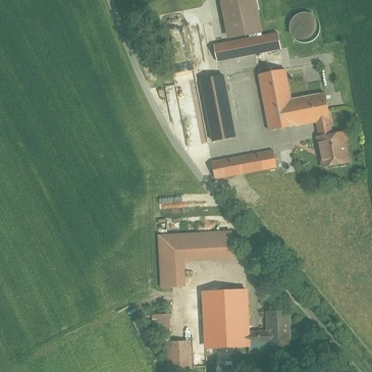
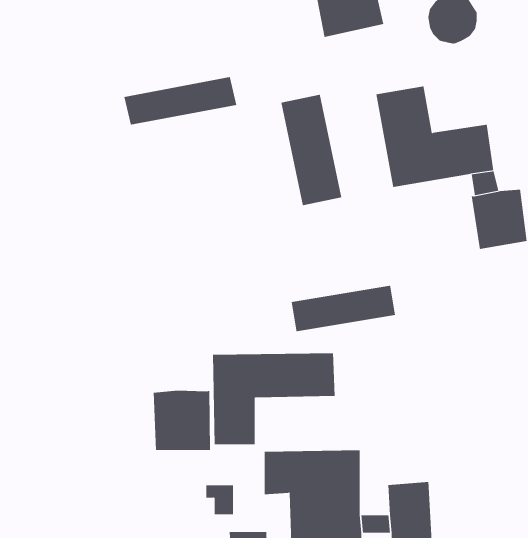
building: [213,31,282,60] -> [124,77,237,125]
building: [211,149,275,177] -> [291,285,396,332]
building: none -> [153,390,211,451]

